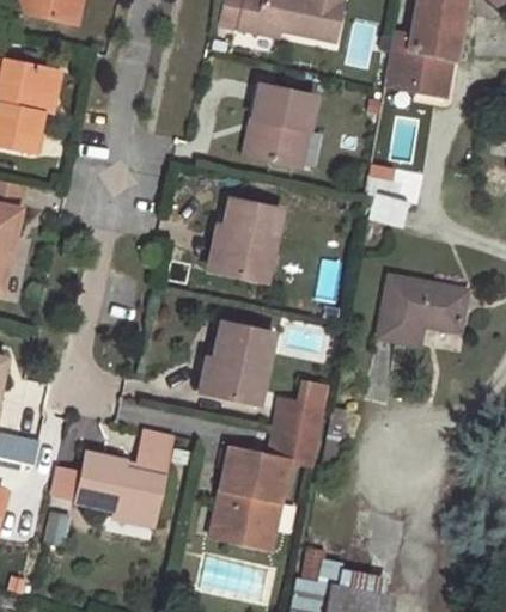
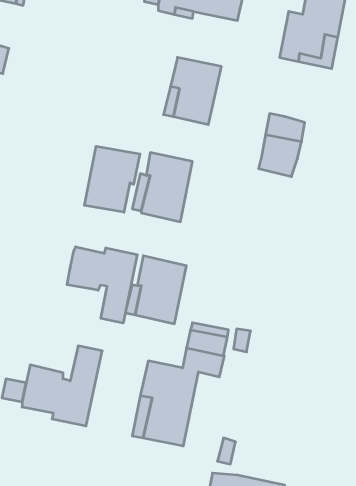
building: none -> [84,146,140,212]
building: [380,276,468,344] -> none
building: none -> [67,247,137,323]

